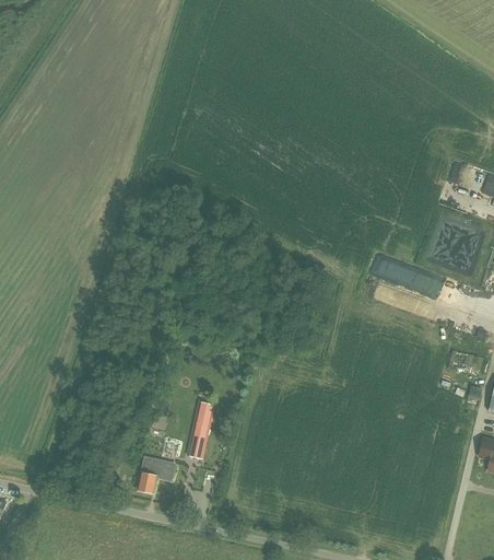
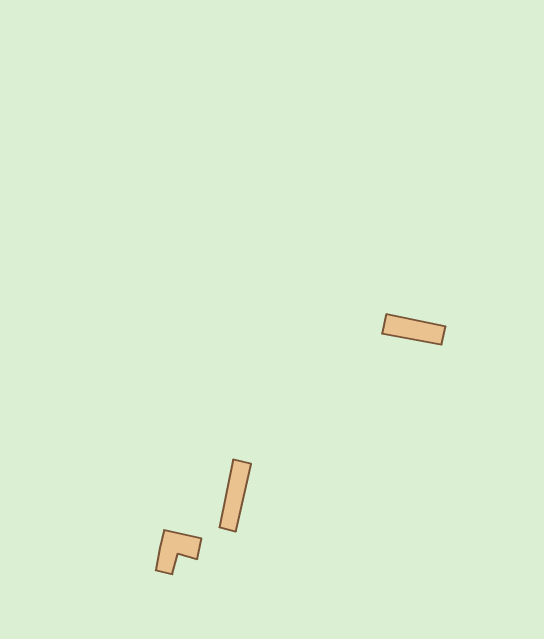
building: [387,265,437,289] -> [382,314,446,345]

